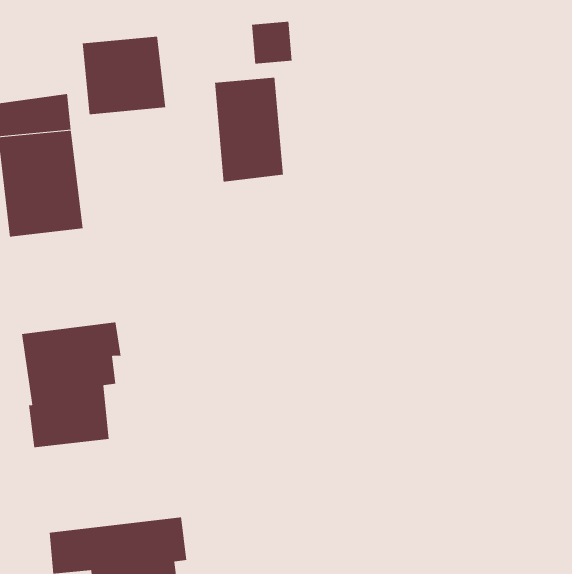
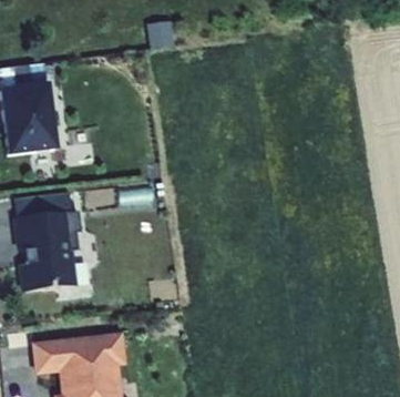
building: [82,36,166,115] -> none
building: [215,77,283,183] -> none

